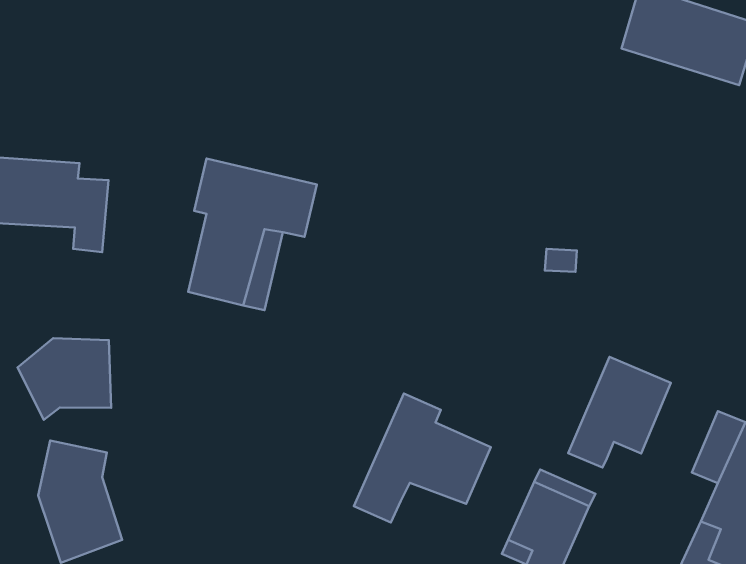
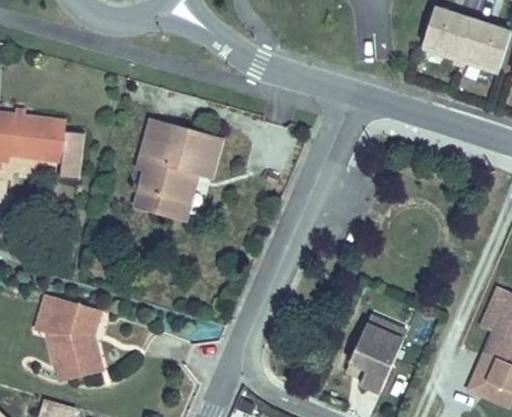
building: [17,338,111,420] -> none
building: [568,357,671,467] -> none
building: [354,393,491,523] -> none

